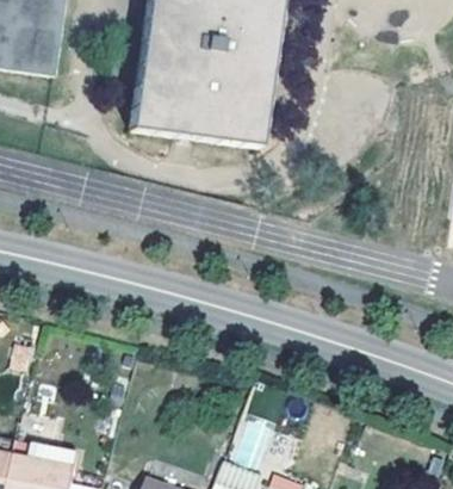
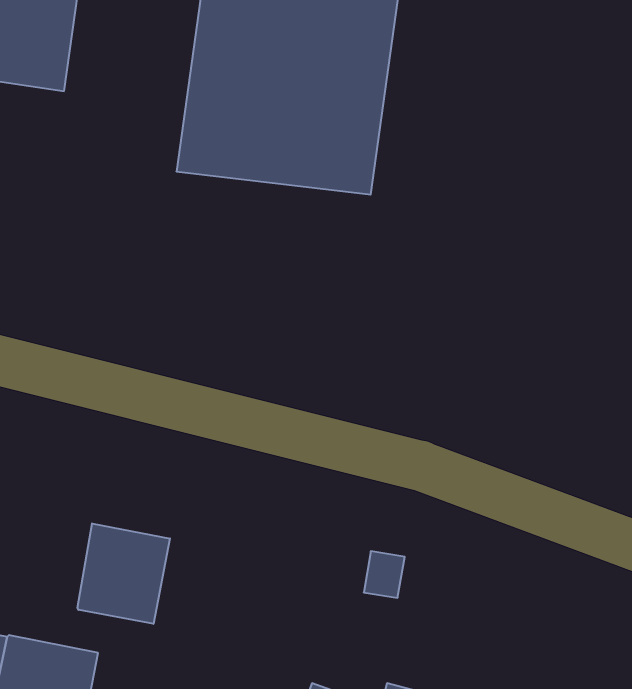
building: none -> [78,523,170,624]

